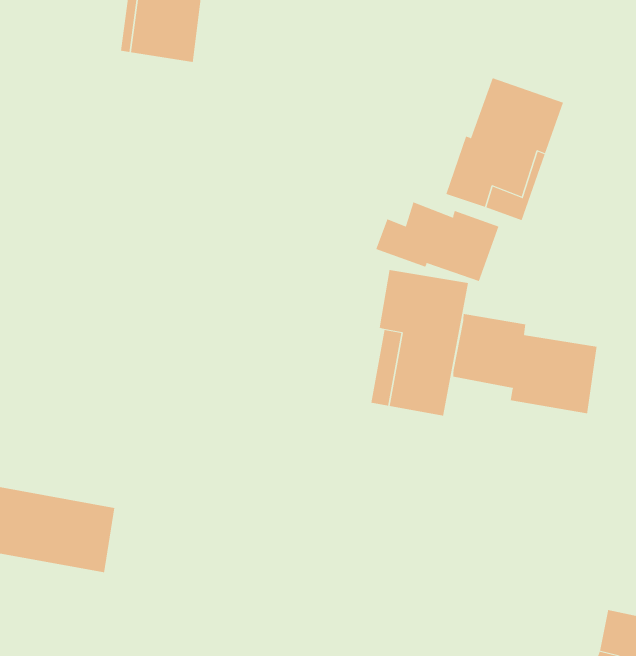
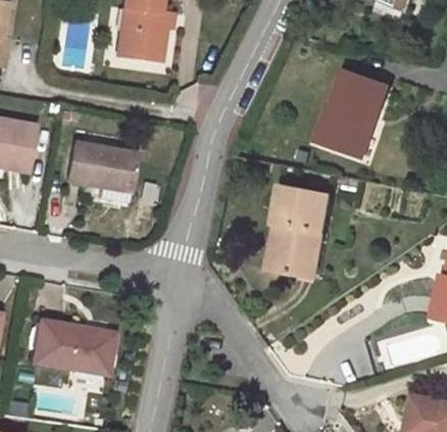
building: none -> [66,141,137,201]
building: [376,202,499,282] -> none
building: [453,313,597,414] -> none

